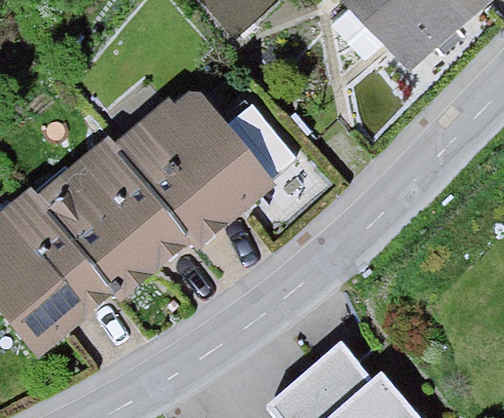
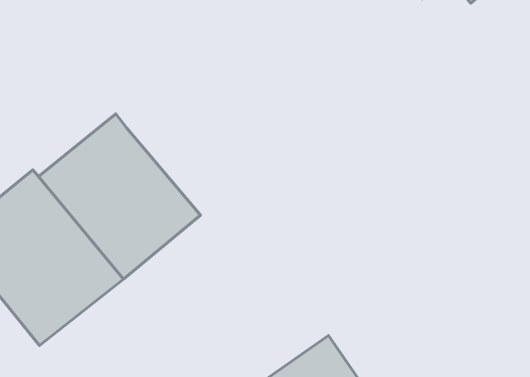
building: [126,85,284,245] -> none

